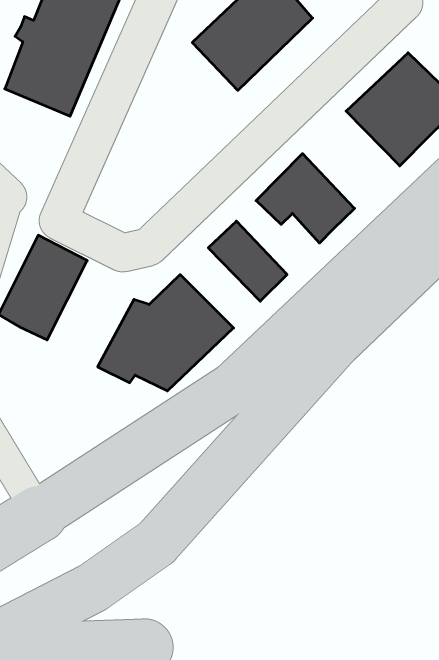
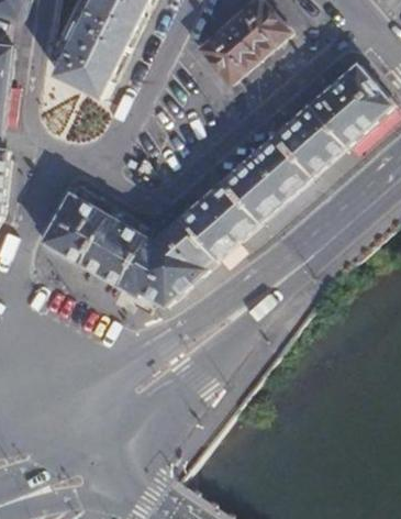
building: none -> [275,104,346,177]
building: none -> [223,167,283,223]
building: none -> [179,200,237,261]
building: none -> [78,205,149,284]

